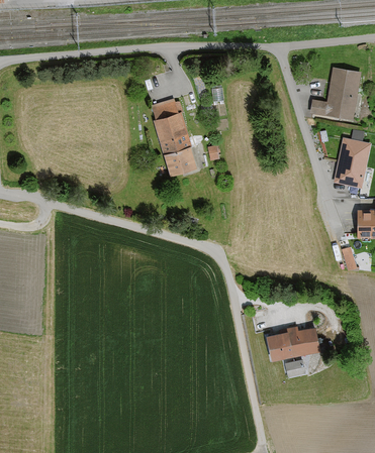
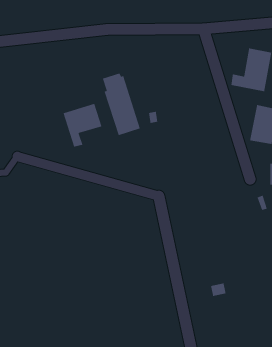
building: none -> [63,103,103,148]
building: [269,326,322,360] -> none

